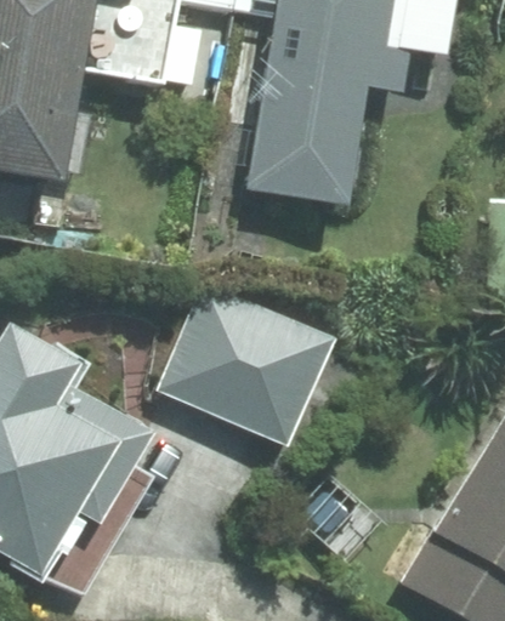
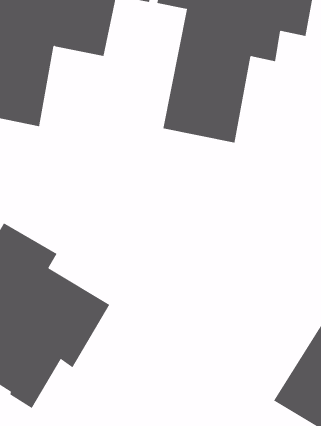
building: [160,284,341,448] -> none

